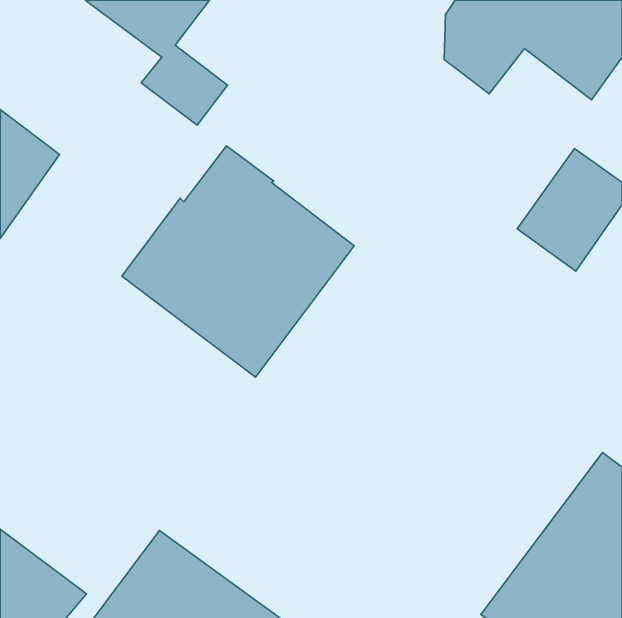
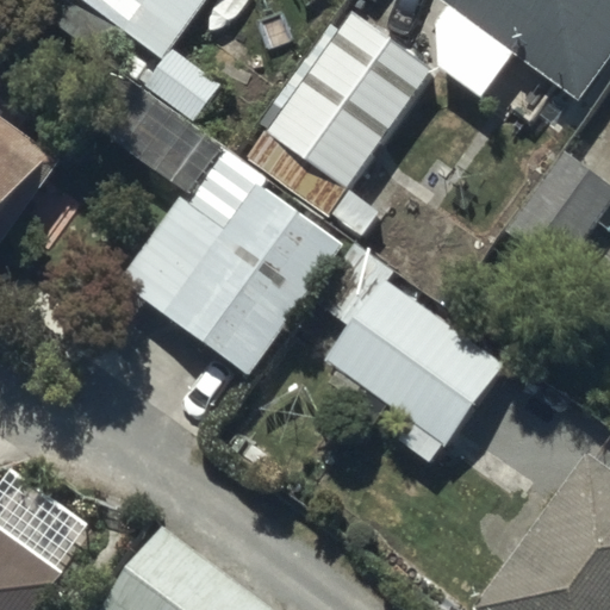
building: none -> [238,13,431,239]
building: none -> [324,274,533,469]

